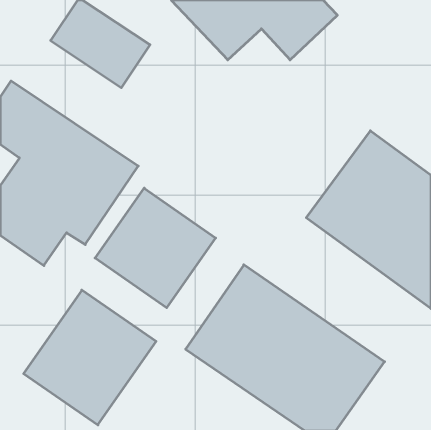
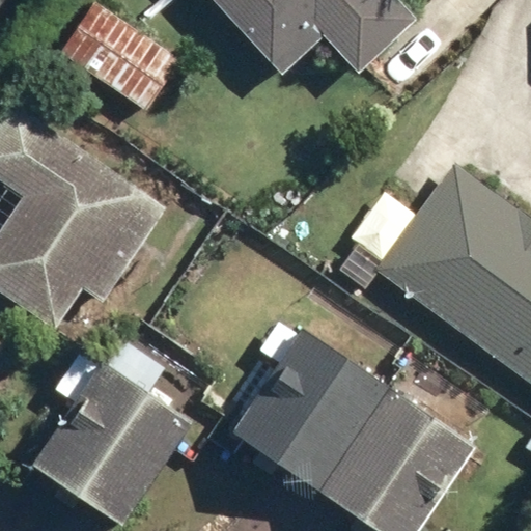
building: [95,188,216,308] -> none

